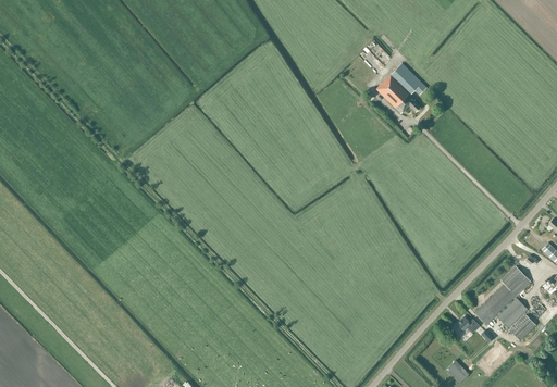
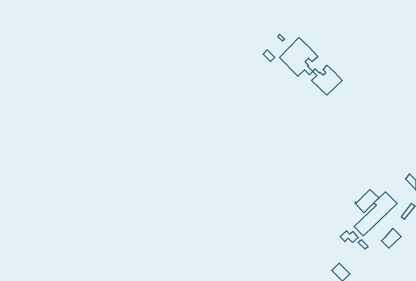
building: none -> [312,65,342,95]
building: [496,298,528,328] -> [355,190,379,213]

